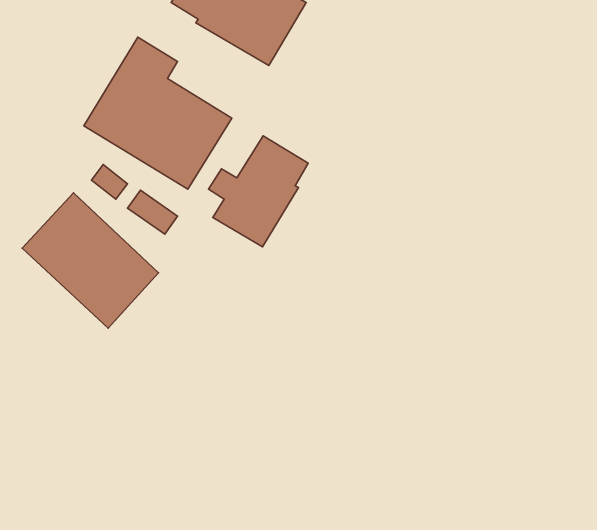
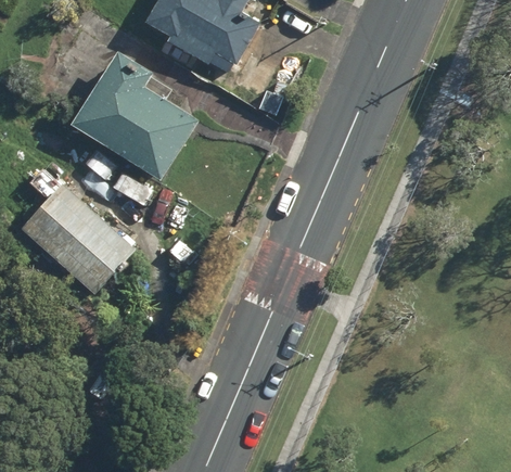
building: [208,136,308,247] -> none

